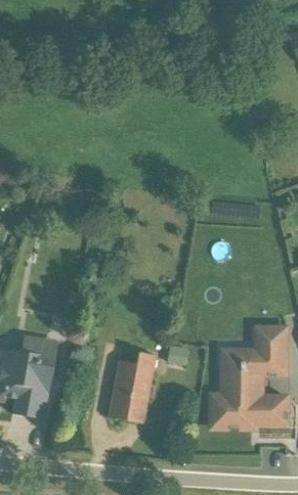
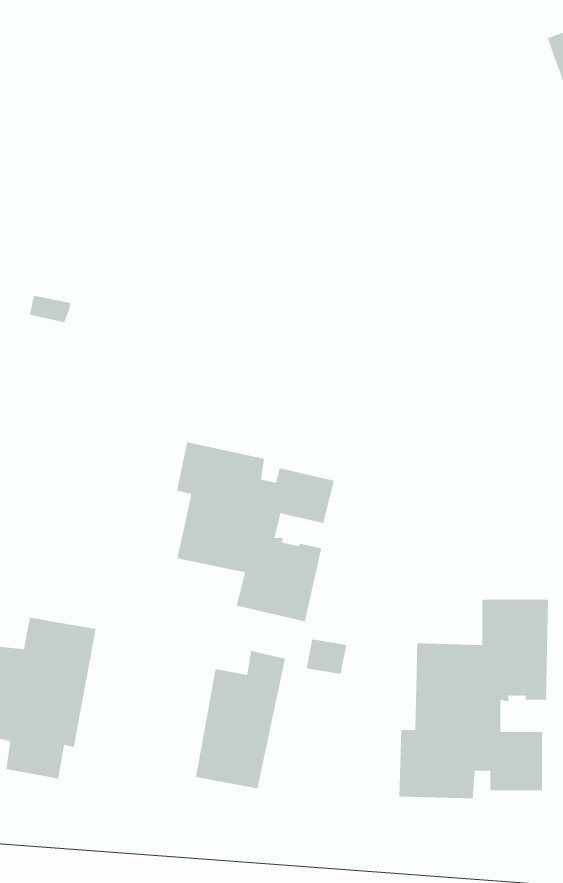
building: none -> [177,442,334,622]

